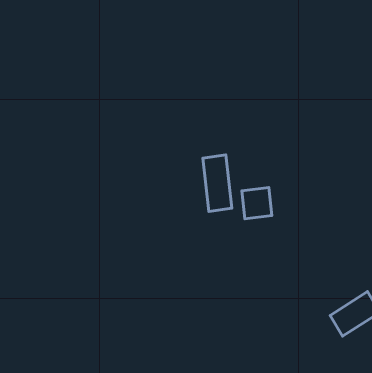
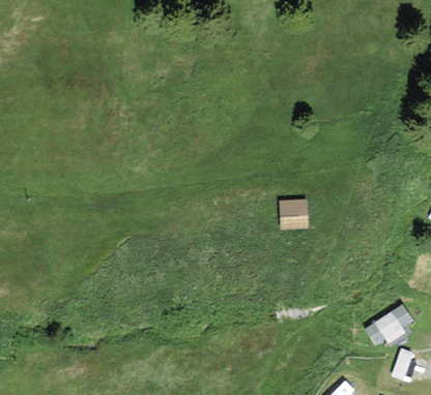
building: [203,155,232,212] -> none

